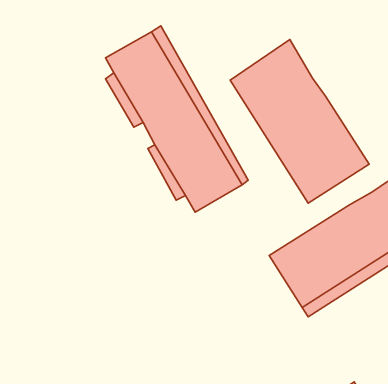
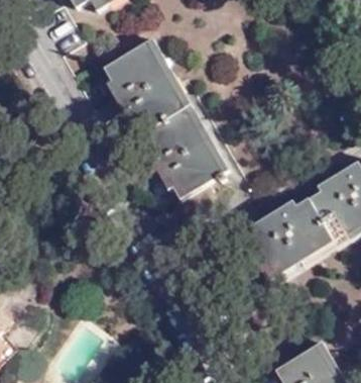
building: [230,40,369,203] -> none

